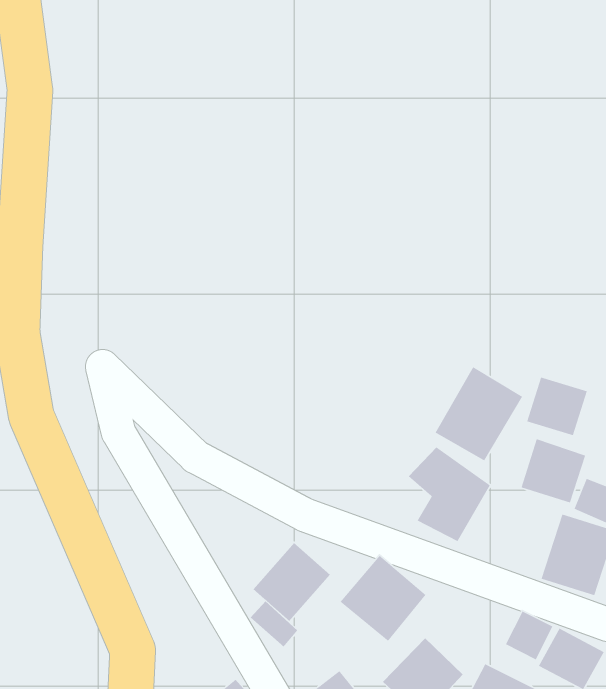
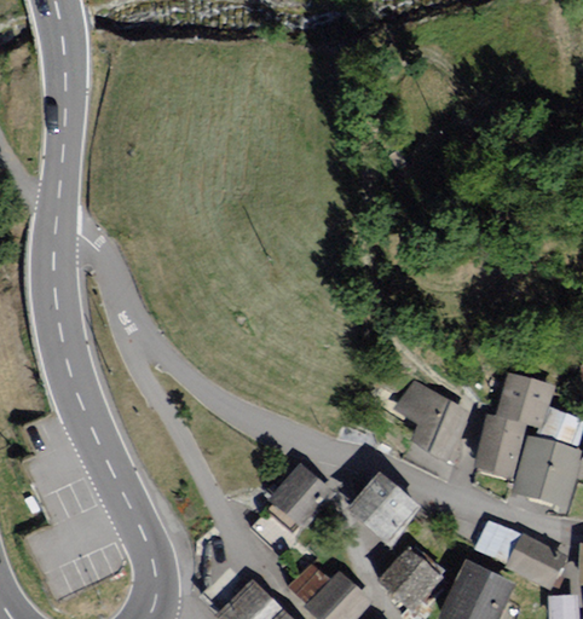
building: [435,366,523,461] -> none
building: [526,377,588,436] -> none
building: none -> [471,417,524,478]

